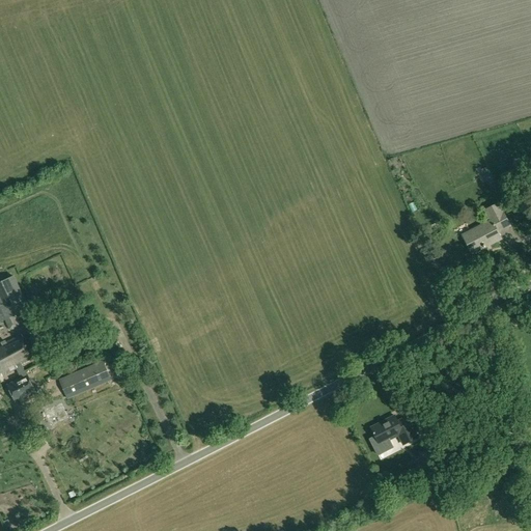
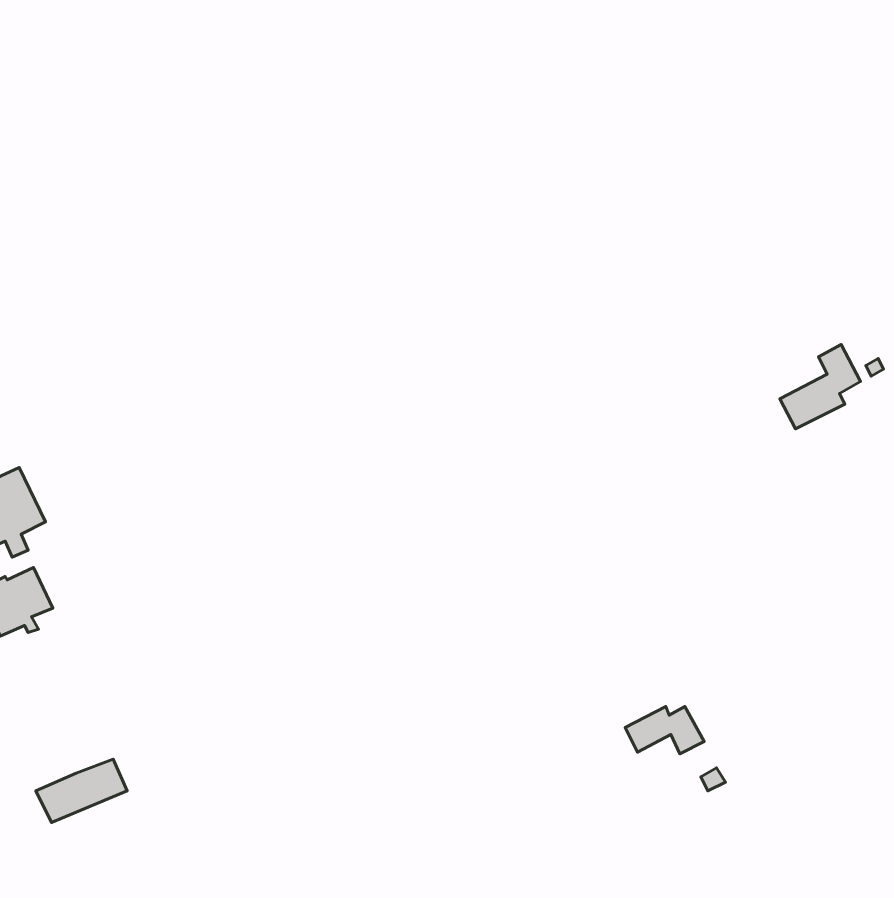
building: [56,361,110,398] -> [36,759,127,822]
building: [5,371,33,401] -> none

